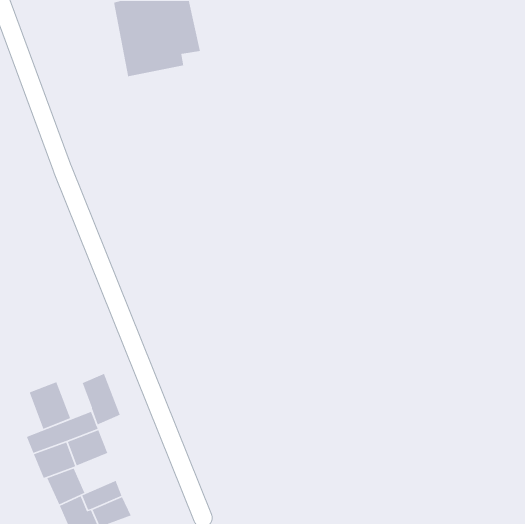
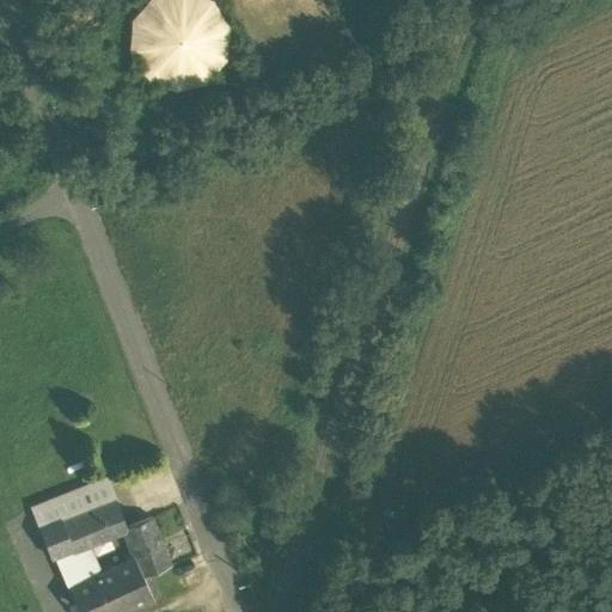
building: [82,373,121,425] -> [126,518,171,579]
building: [29,381,71,430] -> none

